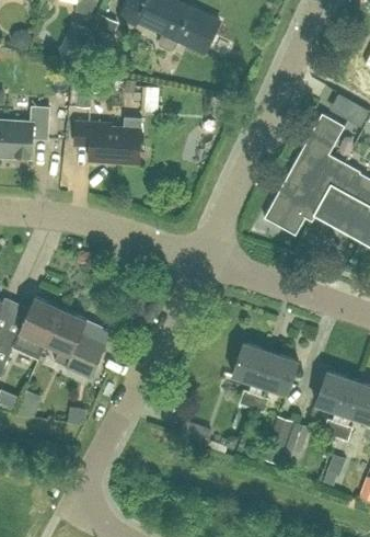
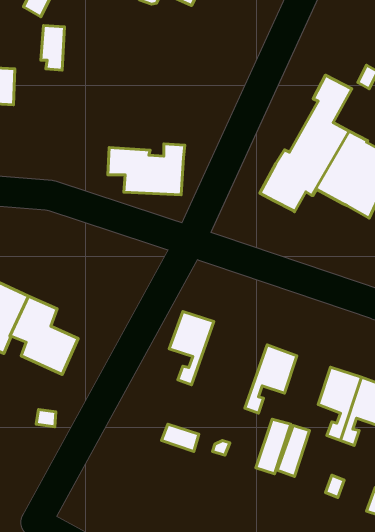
building: [74,118,142,163] -> [108,144,185,195]
building: [232,343,271,408] -> [169,312,214,385]

